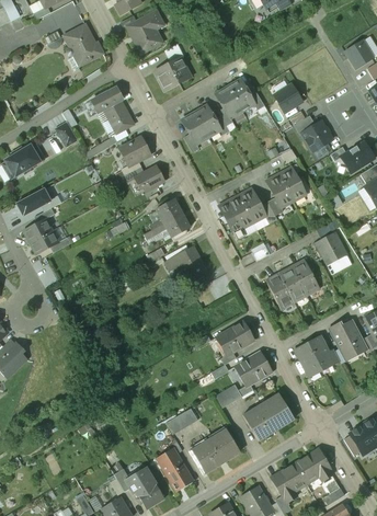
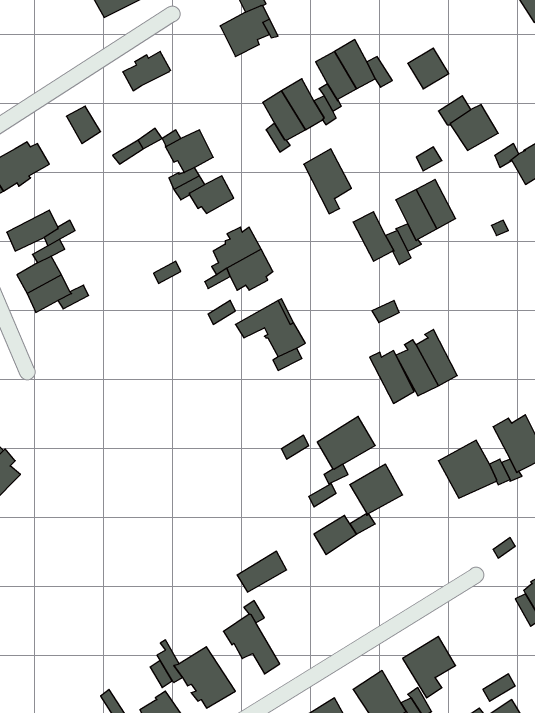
building: [104,100,135,134] -> none
building: [222,196,253,238] -> [304,149,351,214]
building: [316,232,347,264] -> none
building: [292,261,320,295] -> [370,351,414,403]
building: [245,397,294,440] -> none
building: [193,429,239,472] -> none
building: [295,449,332,481] -> none

